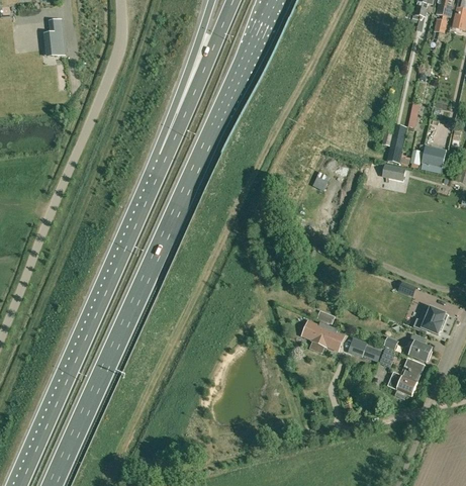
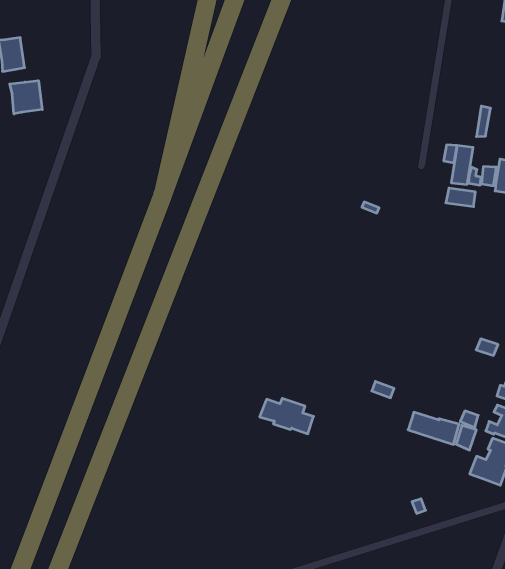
building: none -> [10,81,42,114]
building: [302,321,344,350] -> [260,398,314,434]

